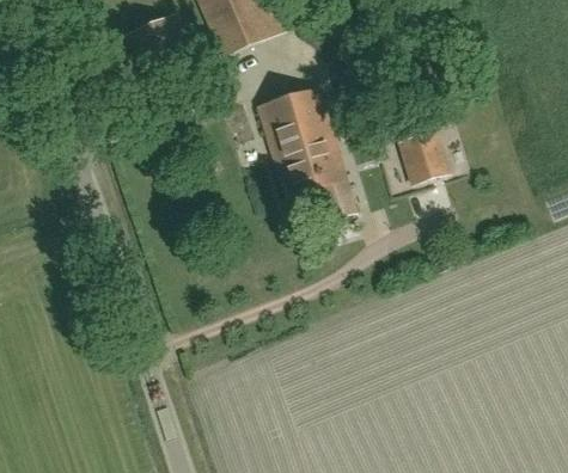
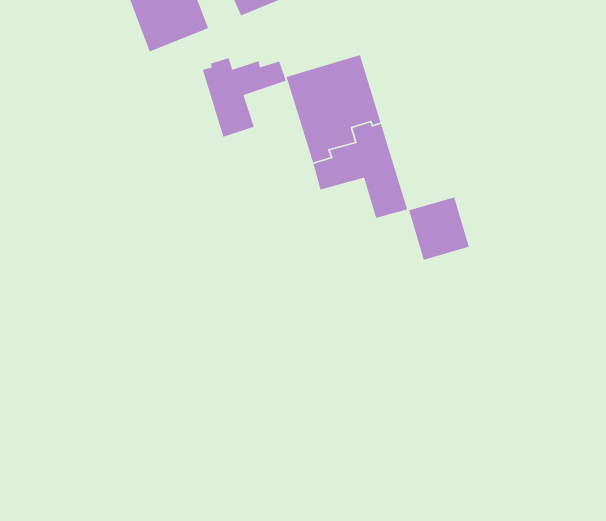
building: none -> [202,57,287,138]
building: [399,129,448,180] -> [408,196,470,261]

